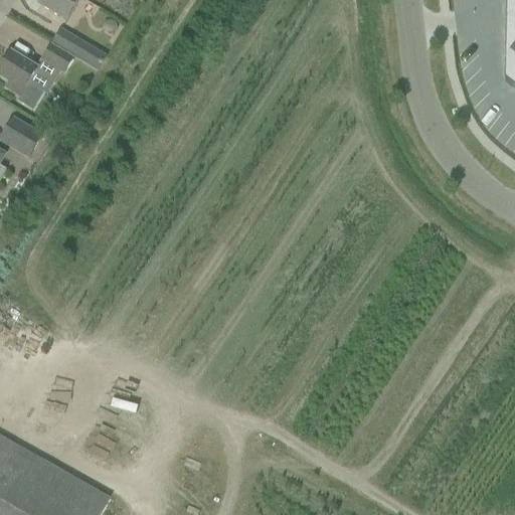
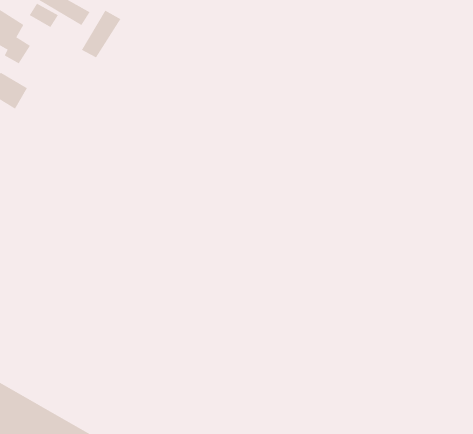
building: none -> [81,10,121,58]

